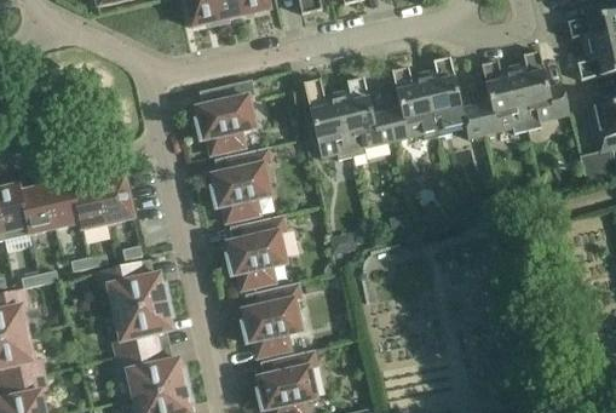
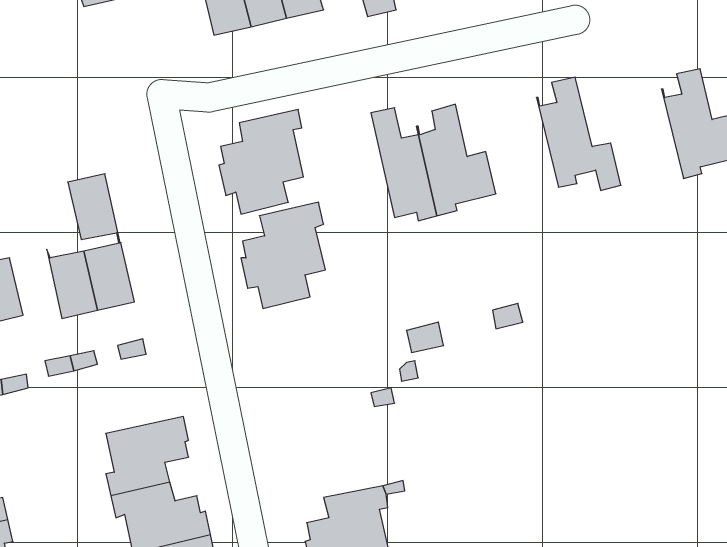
building: [476,61,528,134] -> none
building: [386,67,438,140] -> none
building: [45,180,82,230] -> [68,174,120,243]
building: [226,214,287,289] -> none
building: [97,262,169,312] -> none
building: [241,282,301,357] -> none

